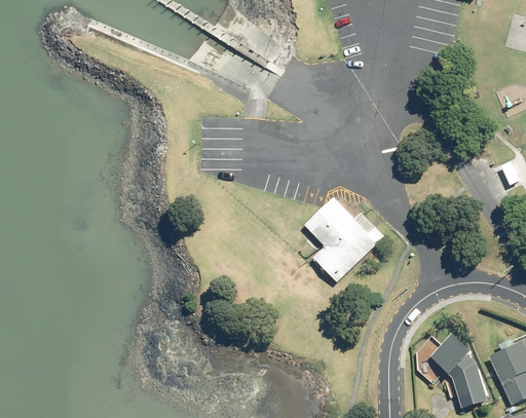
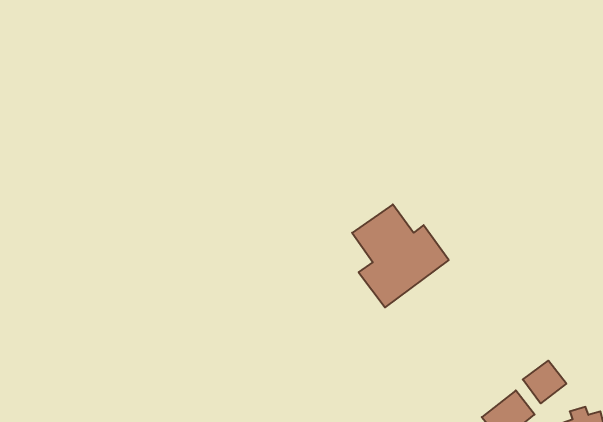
building: none -> [523,361,566,403]

